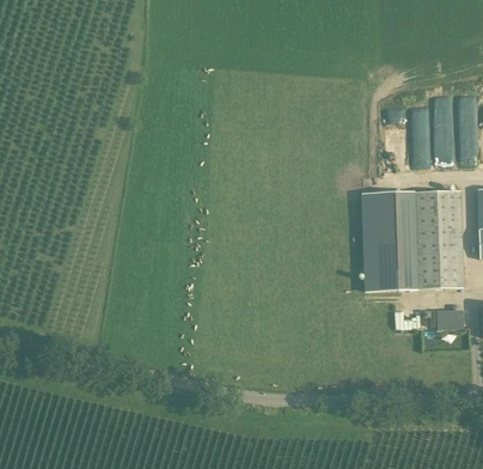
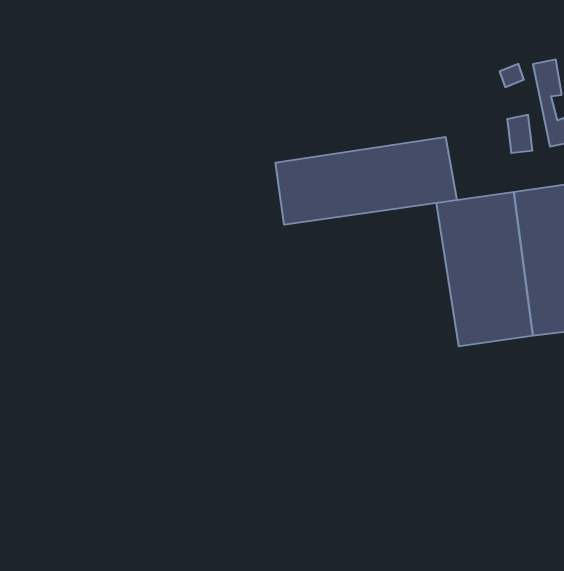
building: none -> [276,137,457,225]

